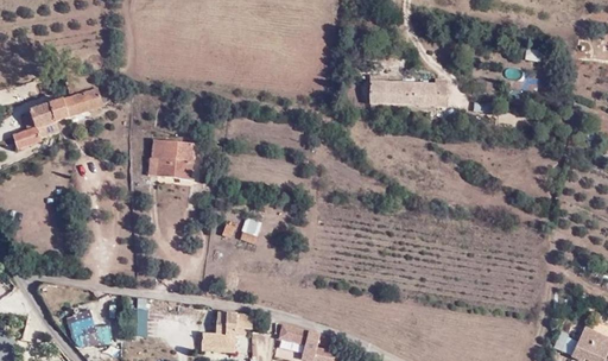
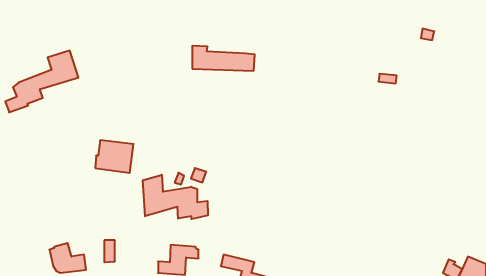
building: [369,75,446,106] -> [192,46,255,71]
building: [148,139,196,179] -> [95,140,134,173]
building: none -> [143,175,208,219]

